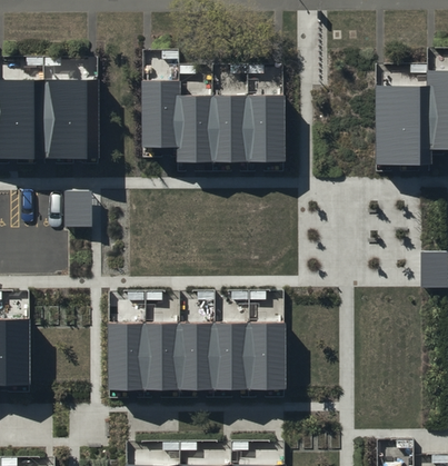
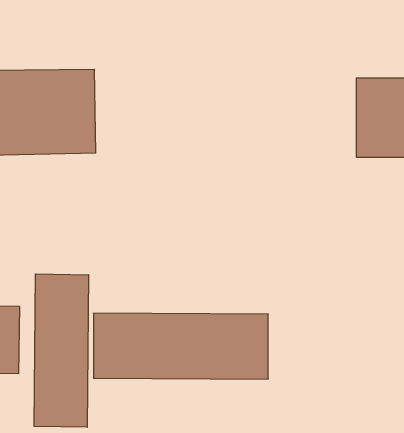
building: [140,79,282,166] -> none
building: none -> [34,274,89,427]

